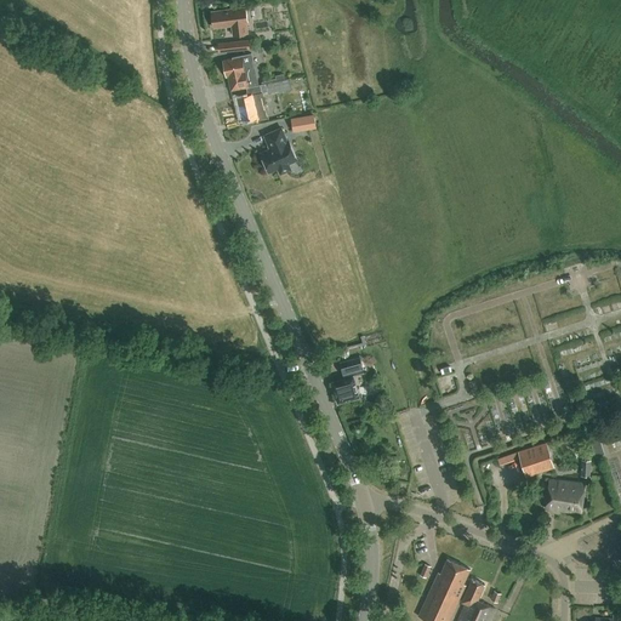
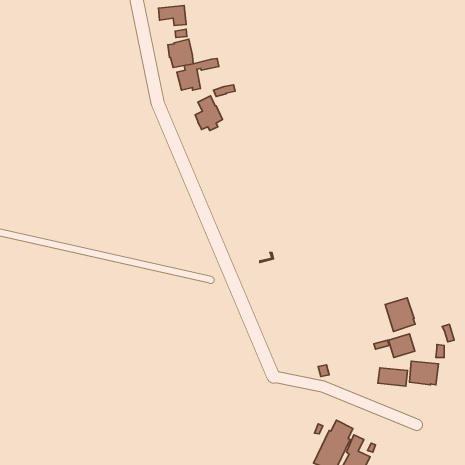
building: [330,361,363,403] -> none
building: none -> [385,298,415,331]
building: none -> [378,368,408,386]

